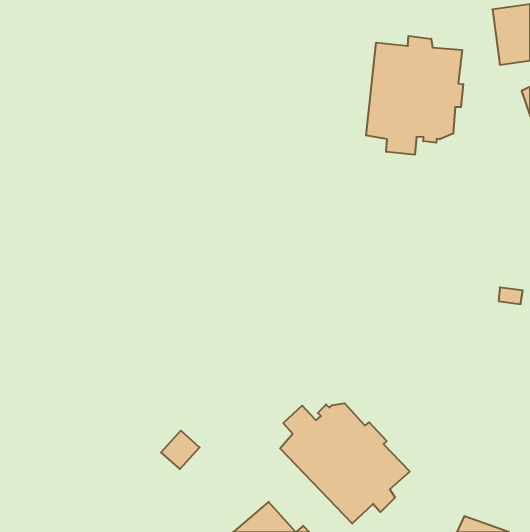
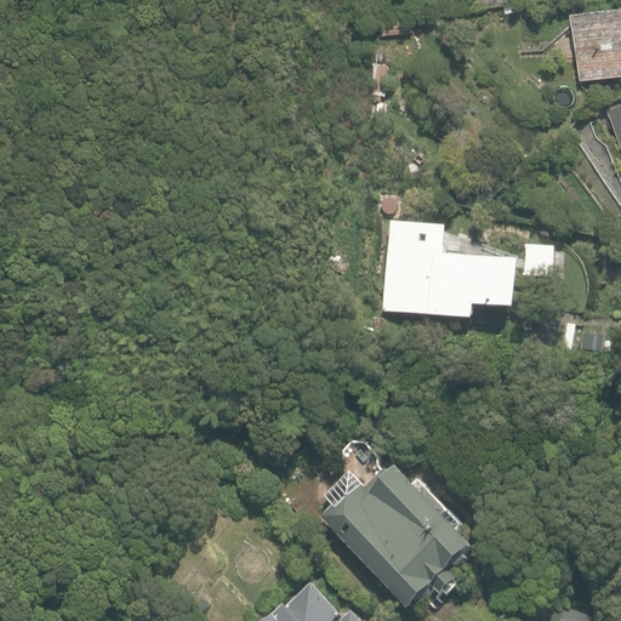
building: [366,36,463,155] -> none
building: none -> [381,222,519,321]

